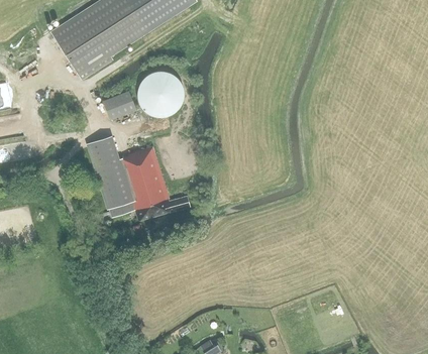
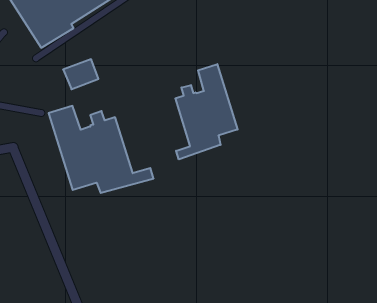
building: [137,71,183,116] -> none
building: none -> [175,64,238,159]

